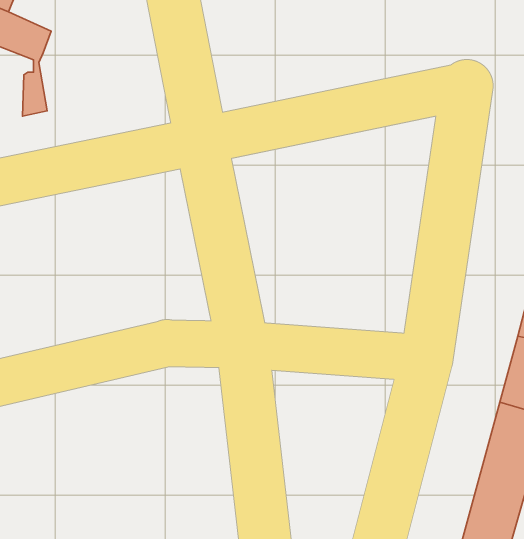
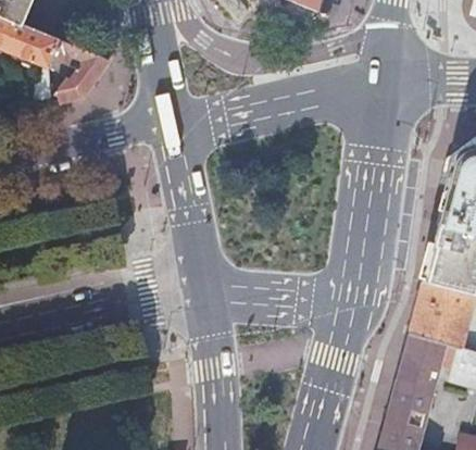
building: none -> [51,40,109,102]

